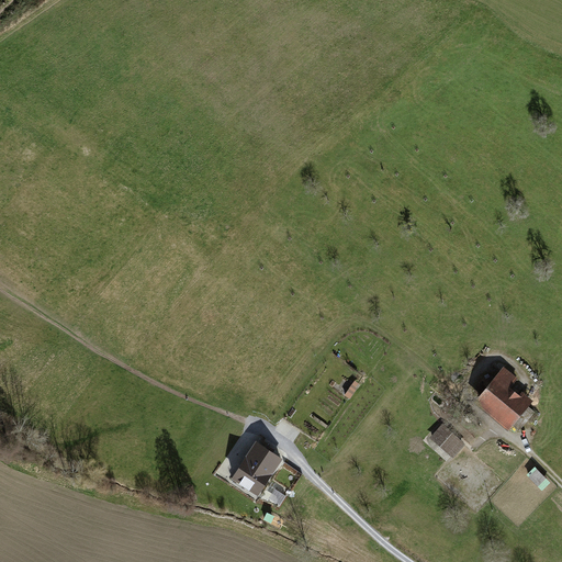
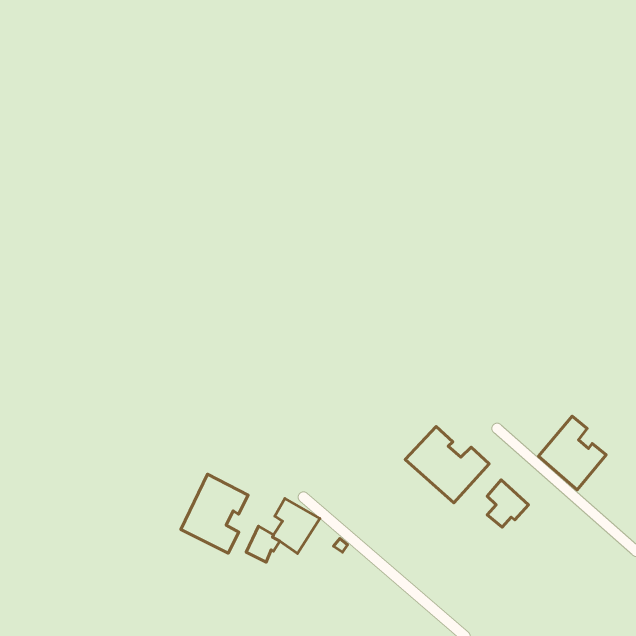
building: none -> [405,426,489,503]
building: none -> [181,474,248,553]

